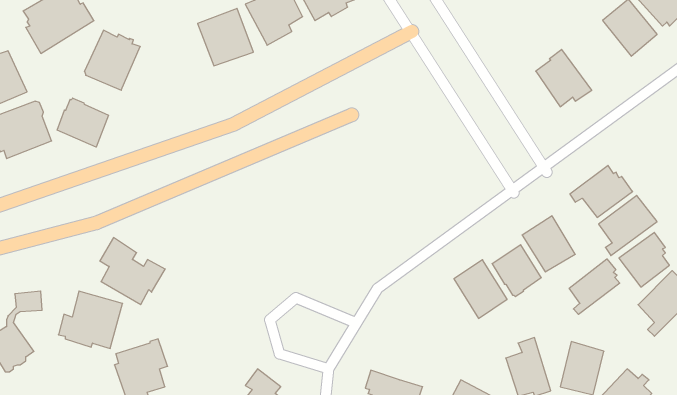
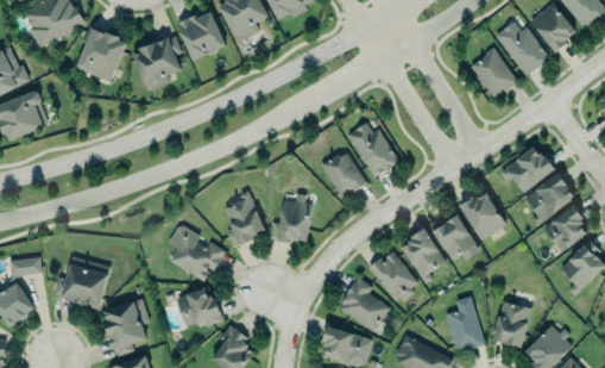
building: none -> [493,19,549,76]
building: none -> [133,35,183,91]
building: [57,98,109,147] -> none
building: none -> [346,121,398,176]
building: none -> [320,150,365,198]
building: none -> [222,188,267,247]
building: none -> [275,199,314,245]
building: [100,238,165,305] -> [166,223,223,281]
building: [569,259,620,314] -> none
building: none -> [368,250,418,302]
building: none -> [339,277,390,332]
building: none -> [176,286,222,326]

